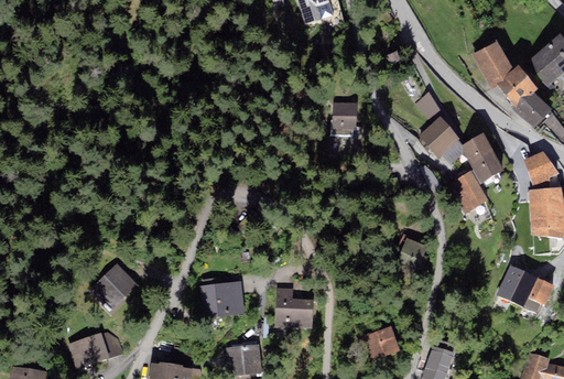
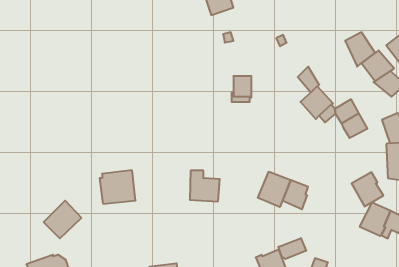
building: [448,167,489,212] -> [352,172,383,207]
building: none -> [258,172,291,207]
building: [199,273,246,316] -> [100,170,136,204]
building: [275,286,314,326] -> [190,171,220,201]
building: none -> [278,238,306,259]

